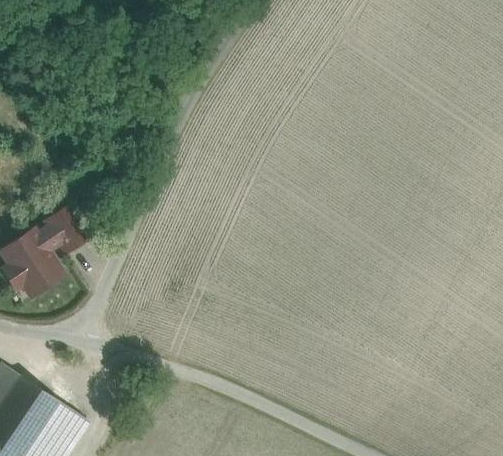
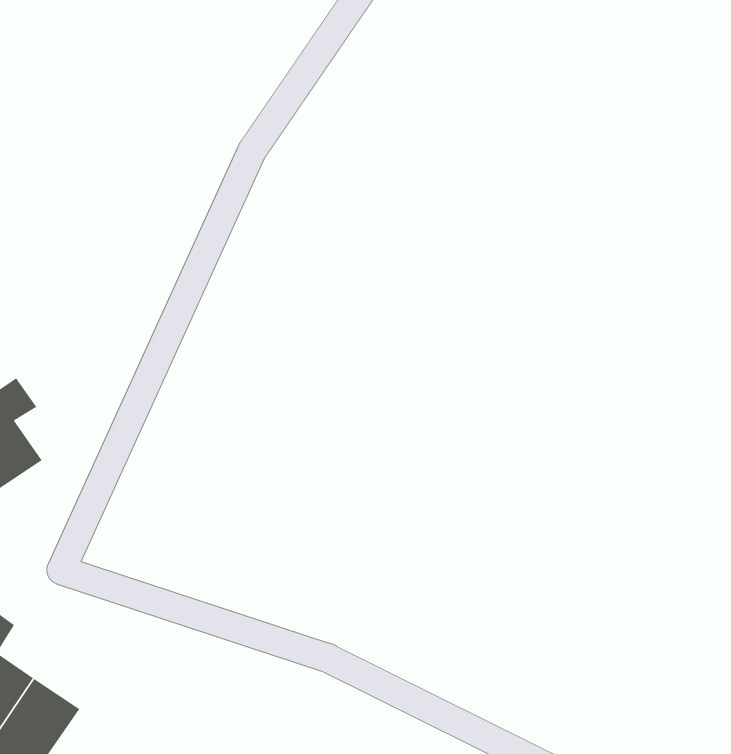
building: [46,209,87,253] -> none

